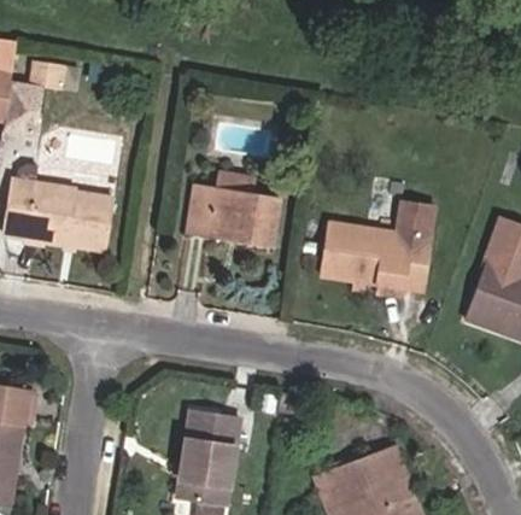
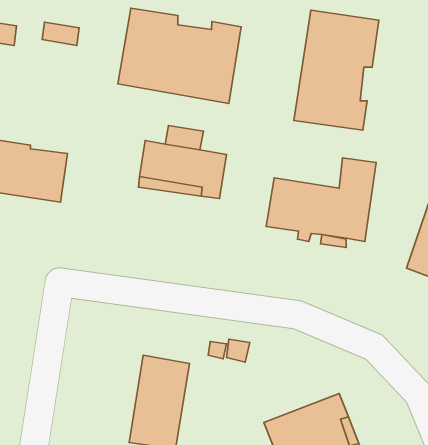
building: none -> [118,8,241,103]
building: none -> [294,10,379,130]

